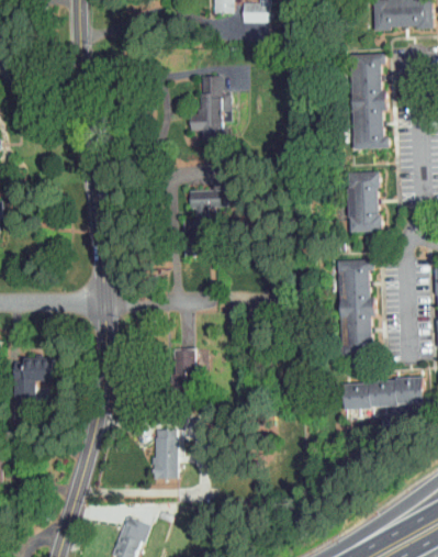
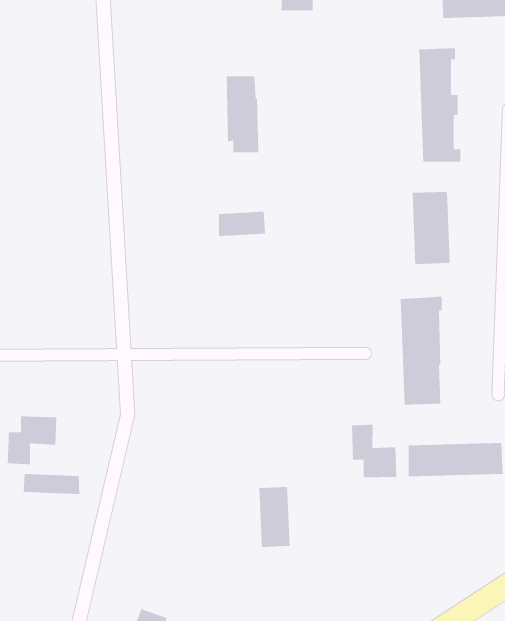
building: [176,349,195,378] -> none
building: none -> [351,424,397,478]
building: none -> [23,473,80,495]
building: [151,428,178,479] -> [259,486,291,548]

